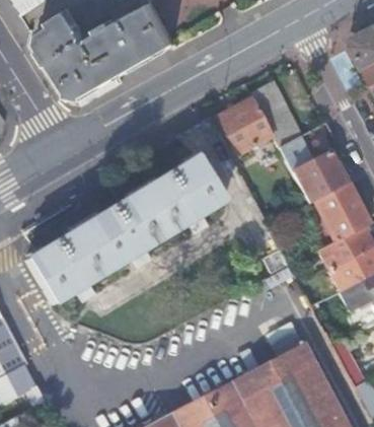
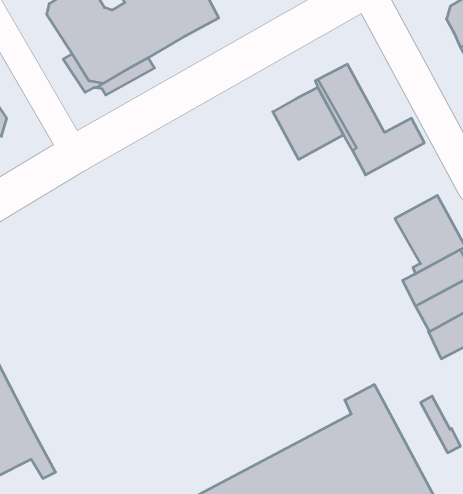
building: [291,152,346,204] -> none
building: [25,155,225,304] -> none

